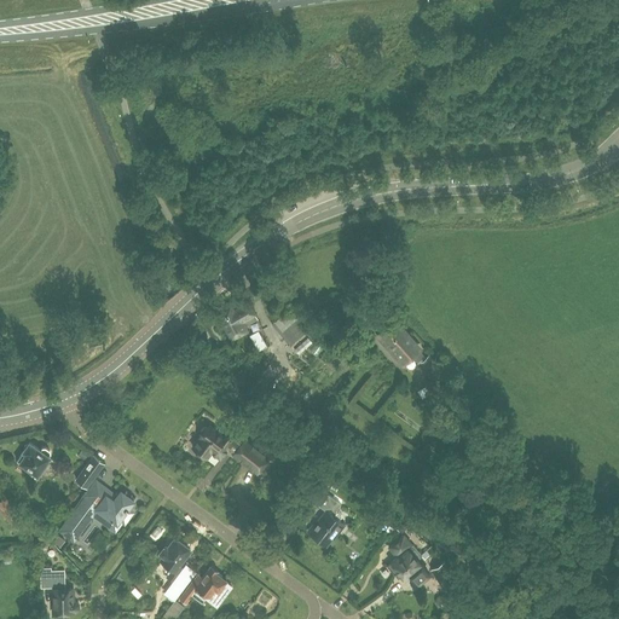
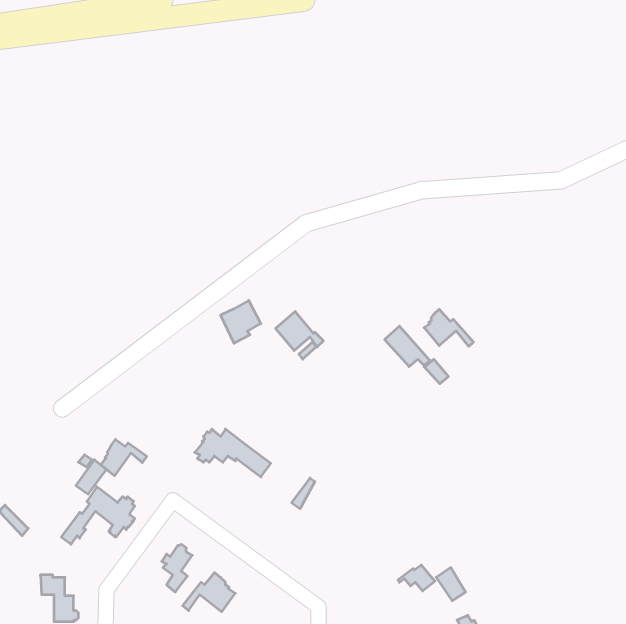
building: none -> [424,309,473,346]
building: none -> [101,439,147,476]
building: [17,444,51,479] -> none
building: [305,486,345,548] -> none
building: [387,537,416,574] -> none

